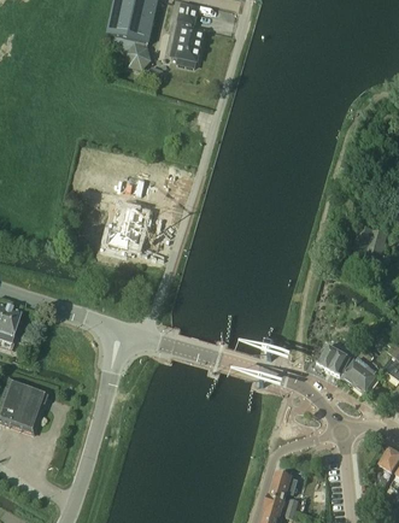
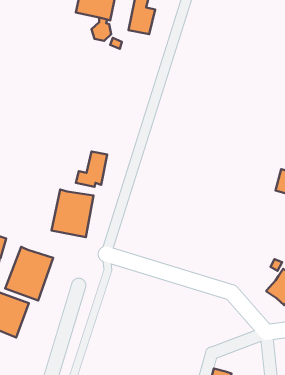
building: none -> [52,190,94,237]
building: none -> [5,247,53,301]
building: [317,343,351,376] -> none

